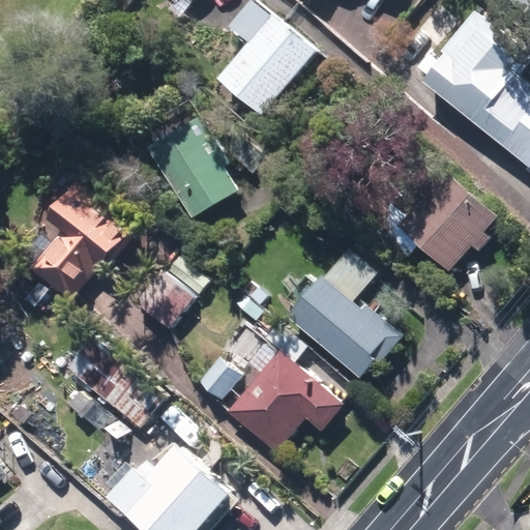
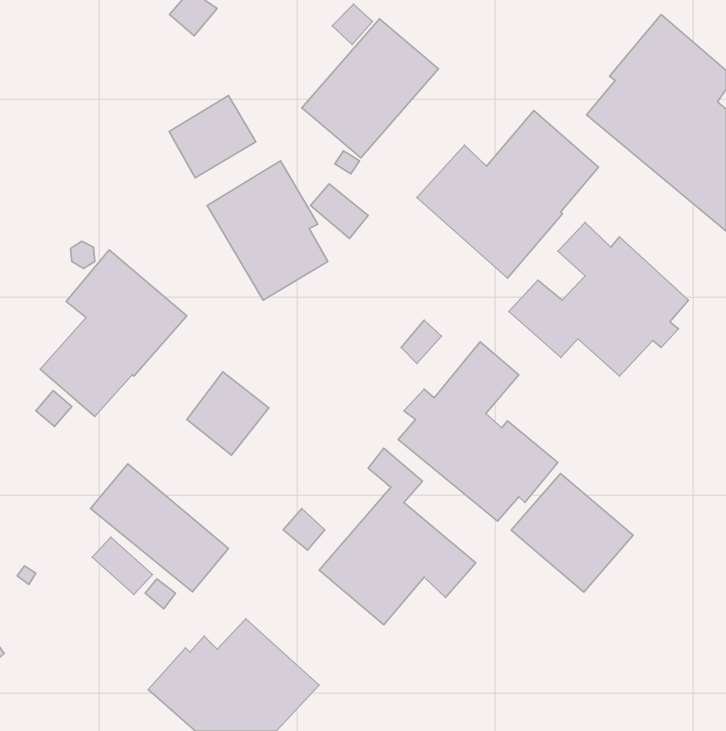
building: none -> [169,96,256,178]
building: none -> [417,111,598,278]
building: none -> [511,473,633,592]

